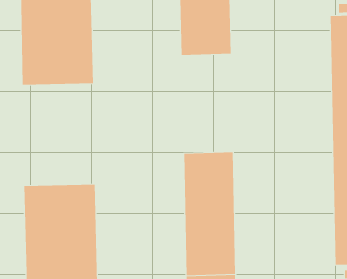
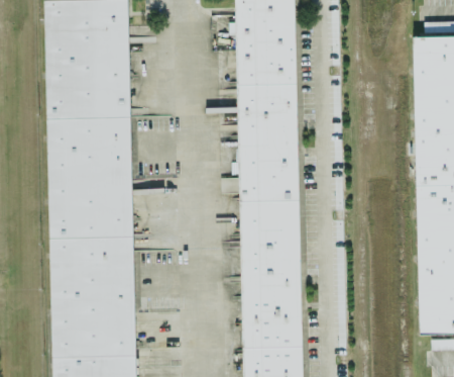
building: none -> [235,81,298,200]
building: none -> [45,116,133,239]

